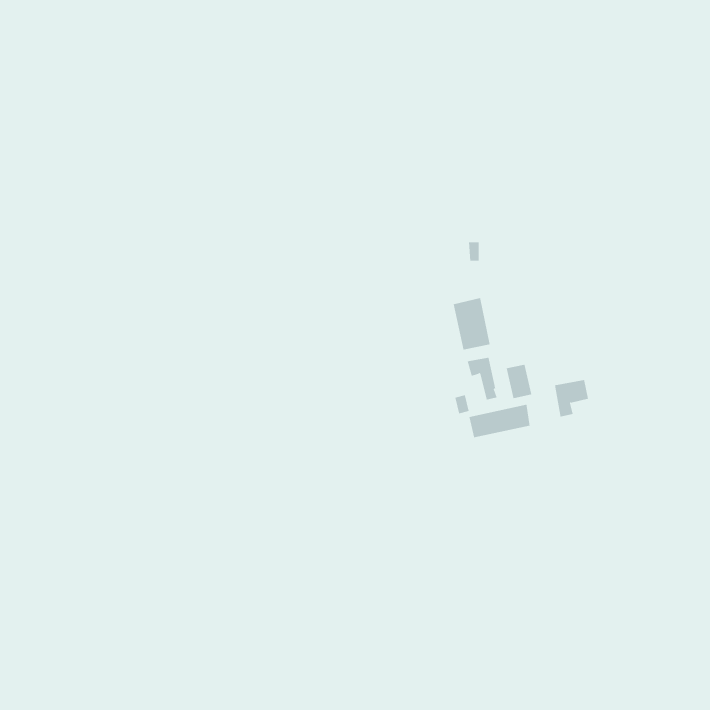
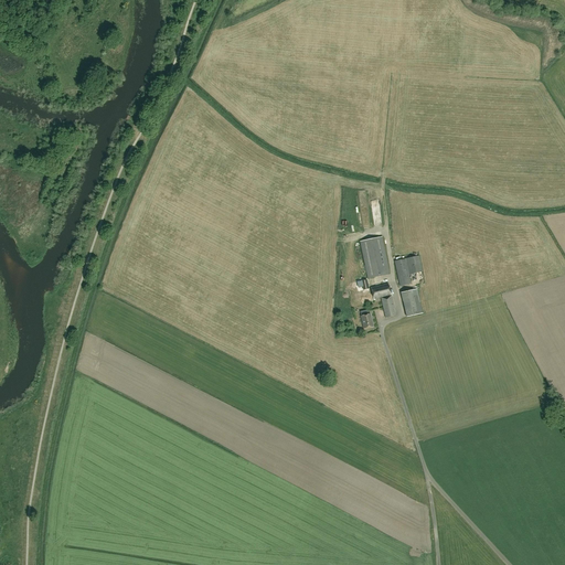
building: [554,379,589,417] -> [395,256,423,286]
building: [469,404,530,438] -> none

